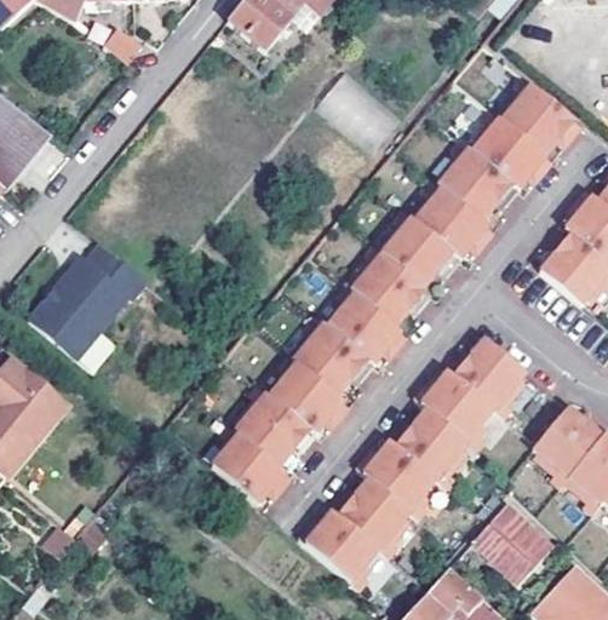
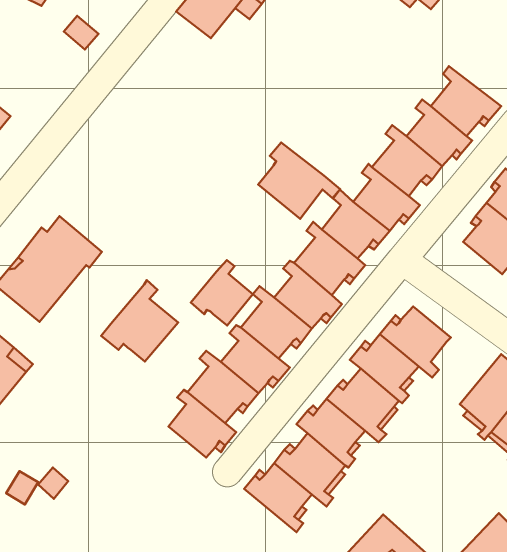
building: none -> [258,143,340,219]
building: none -> [191,260,253,325]
building: none -> [101,280,178,362]
building: [472,500,555,586] -> none

